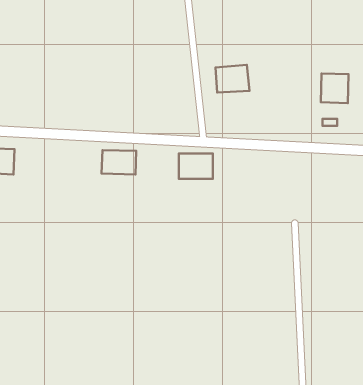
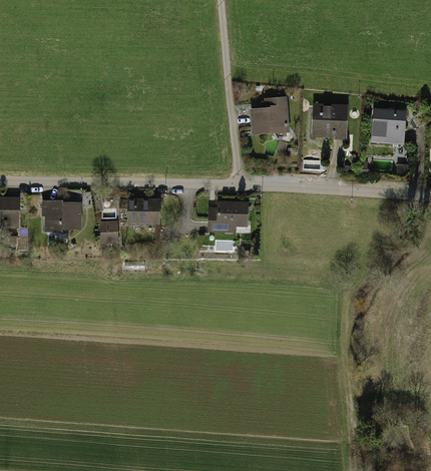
building: none -> [313,104,349,138]
building: none -> [42,201,81,229]
building: none -> [99,221,118,244]

